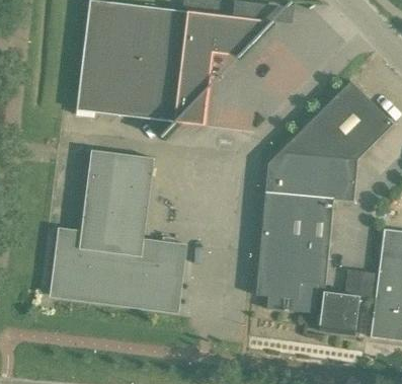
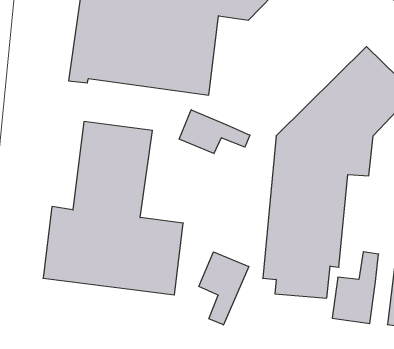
building: none -> [179,110,250,154]
building: none -> [199,252,249,325]

